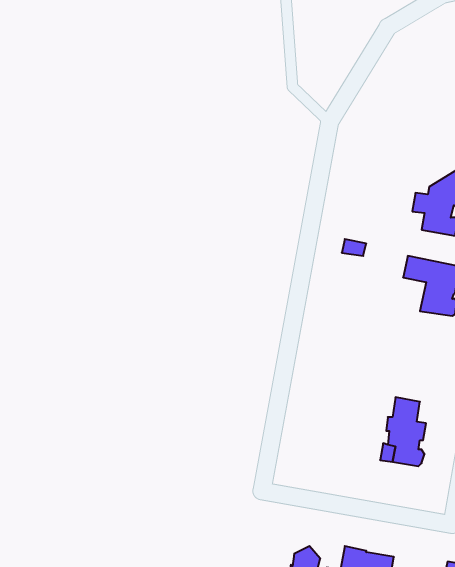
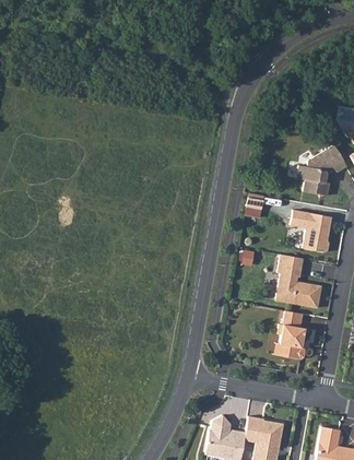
building: none -> [276,255,322,308]

